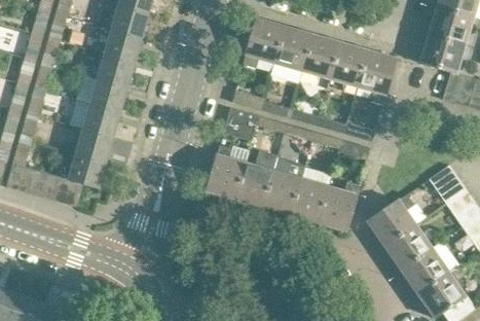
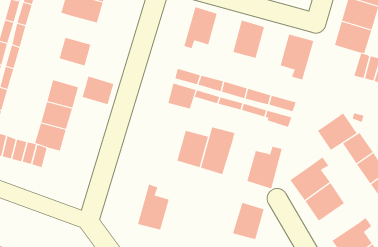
building: [272,26,310,71] -> none
building: [104,29,142,62] -> none
building: [328,41,366,86] -> none
building: [89,78,127,112] -> [82,76,114,105]
building: none -> [317,112,357,151]
building: [207,144,245,199] -> [137,184,170,230]
building: [289,178,327,222] -> [232,202,265,240]
building: [401,248,448,292] -> none

